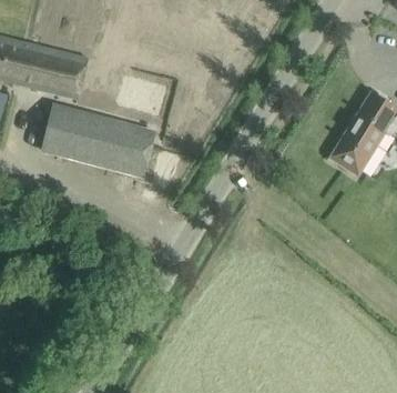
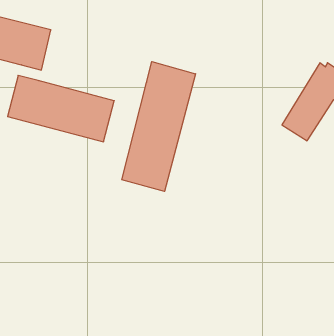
building: none -> [122,62,196,191]

